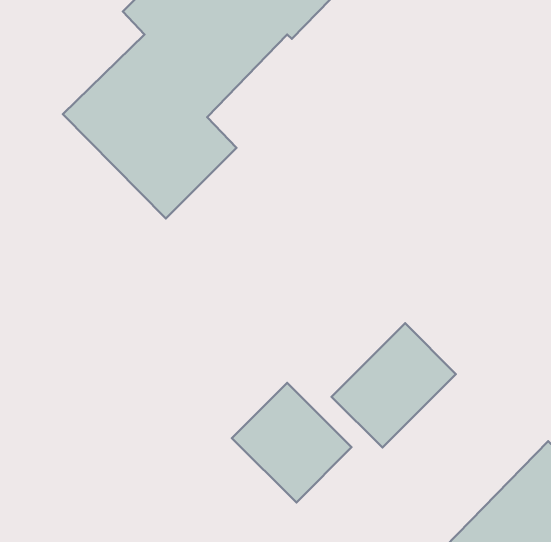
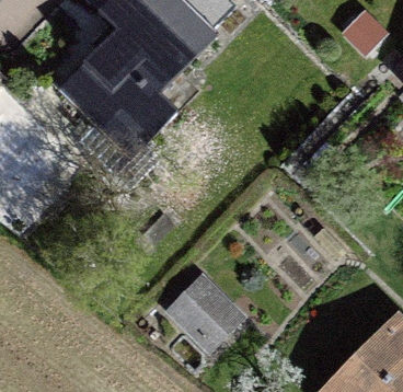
building: [332,323,456,448] -> none

